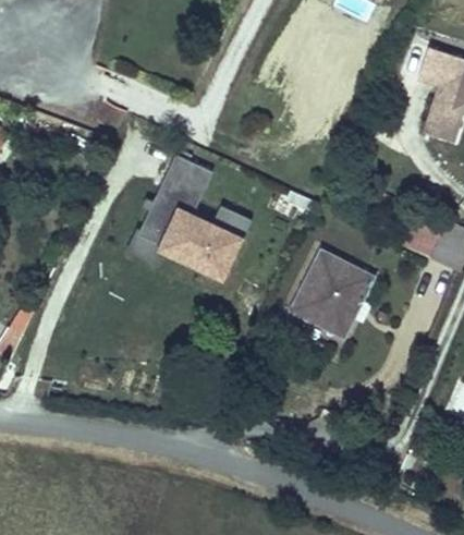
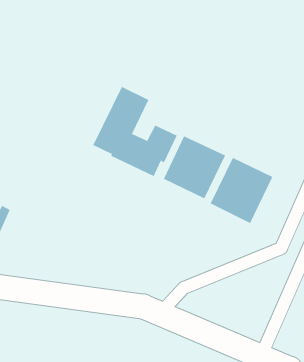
building: none -> [163,135,226,199]

